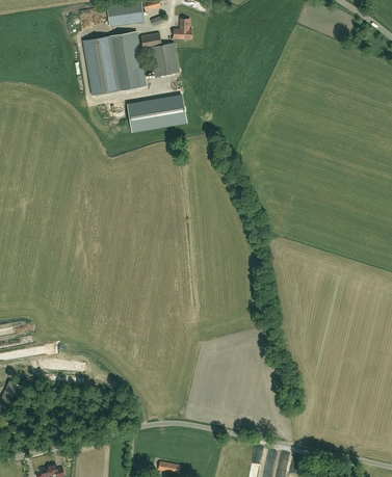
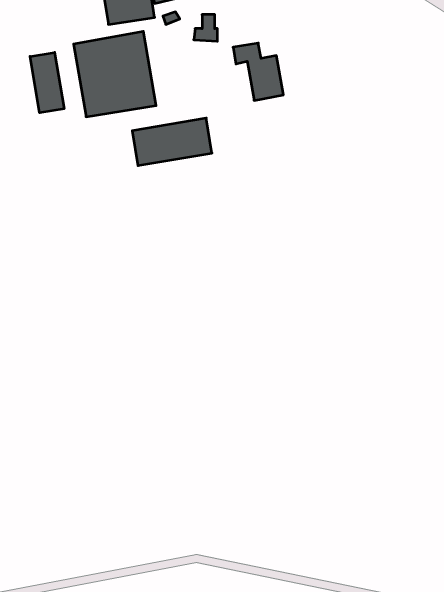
building: [140,33,178,76] -> [233,43,283,100]
building: none -> [30,52,64,113]

